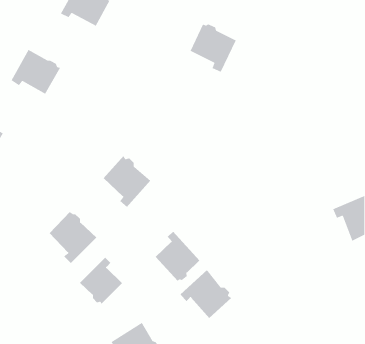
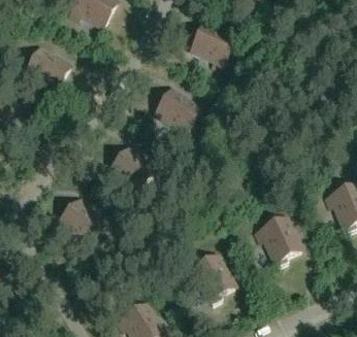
building: none -> [153,88,198,136]
building: none -> [253,216,299,262]
building: [155,231,200,282] -> none
building: [79,257,123,305] -> none

